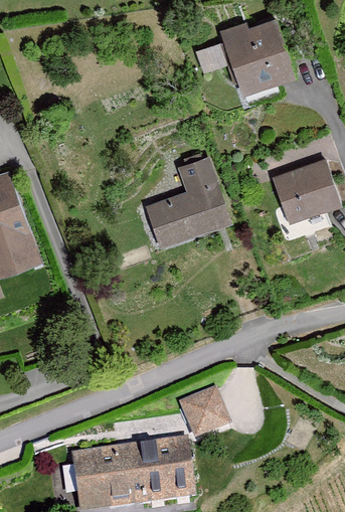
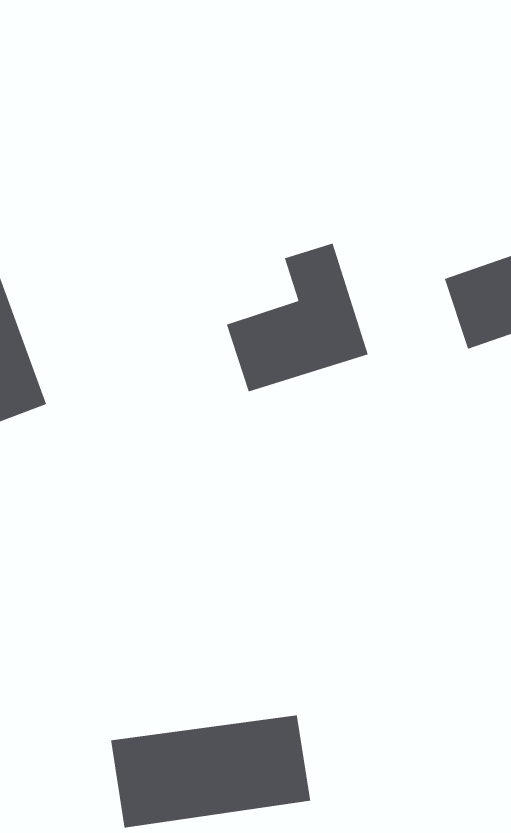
building: [220,22,289,98] -> none
building: [183,385,230,433] -> none

